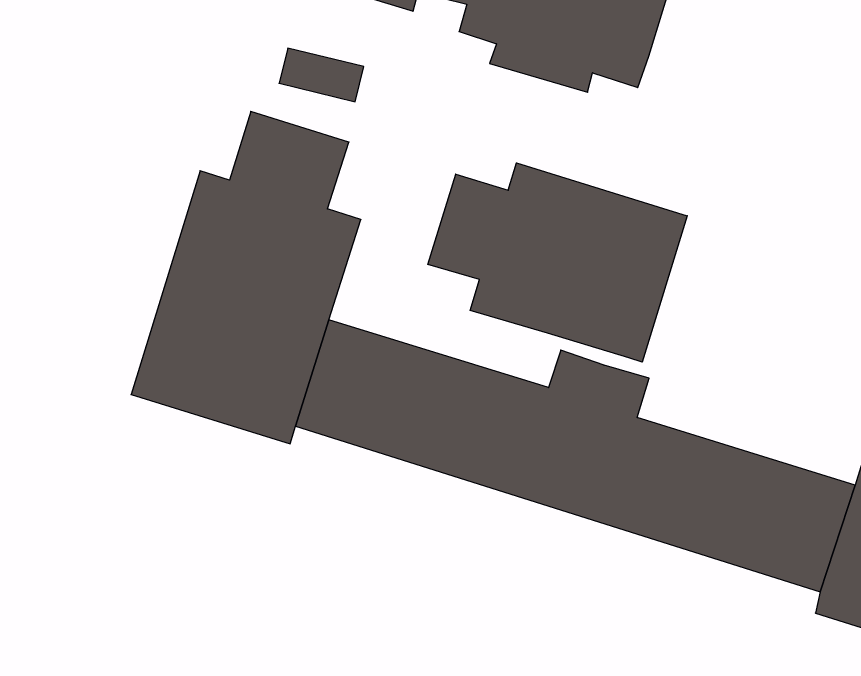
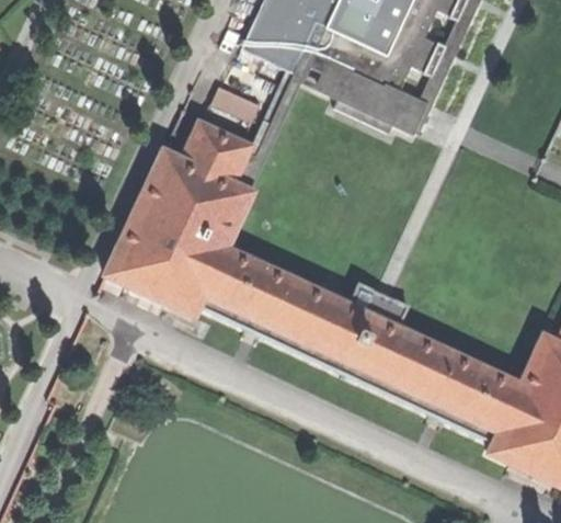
building: [428,163,687,362] -> none

